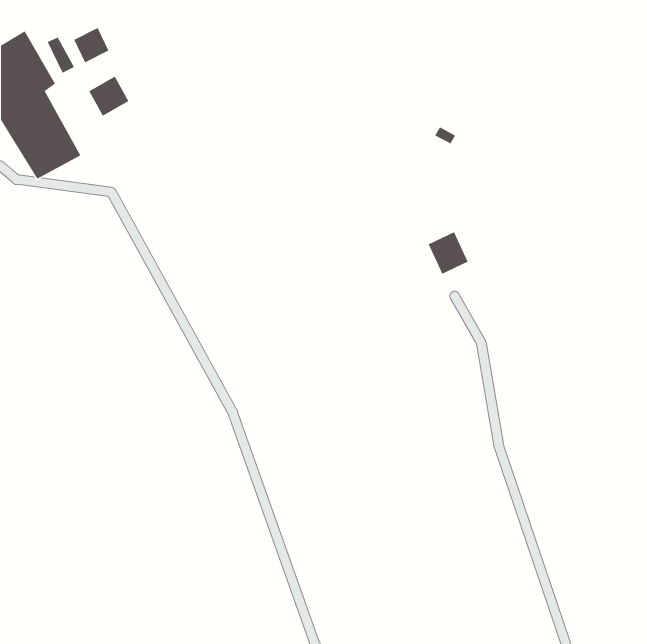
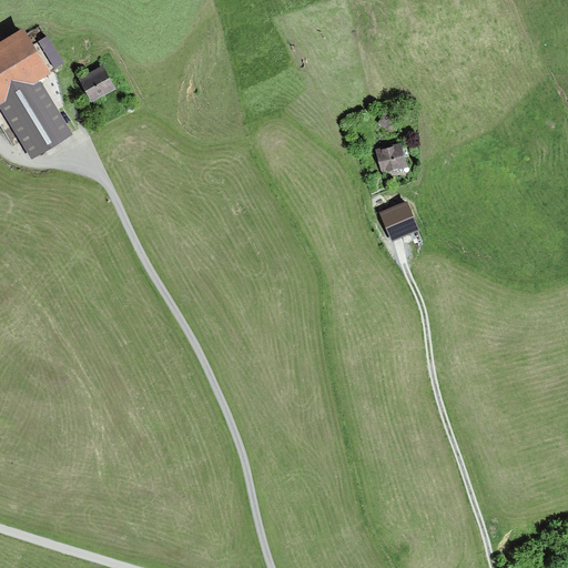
building: [73,27,109,63] -> none
building: none -> [375,142,405,171]

